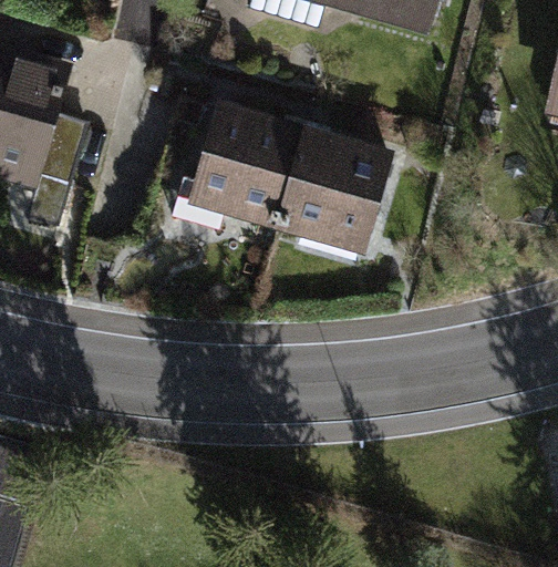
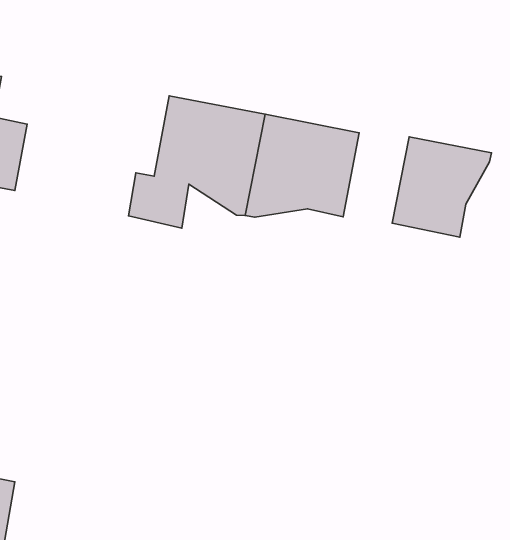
building: none -> [392,137,491,237]

